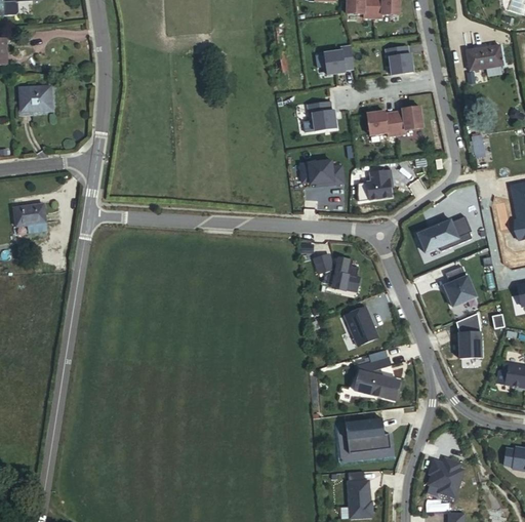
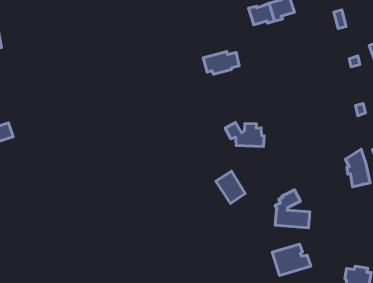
building: [308,102,336,129] -> none
building: [367,170,393,200] -> none
building: [418,214,473,250] -> none
building: [446,266,478,307] -> none
building: [345,306,378,346] -> [216,171,245,203]

